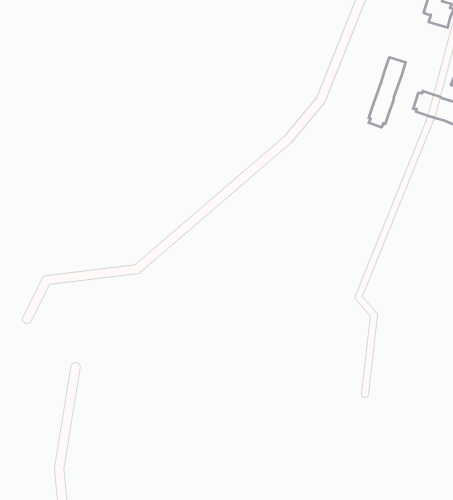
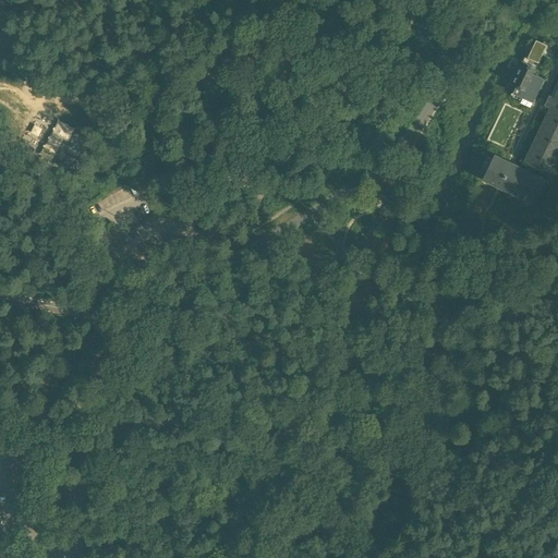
building: [369,57,406,127] -> none

